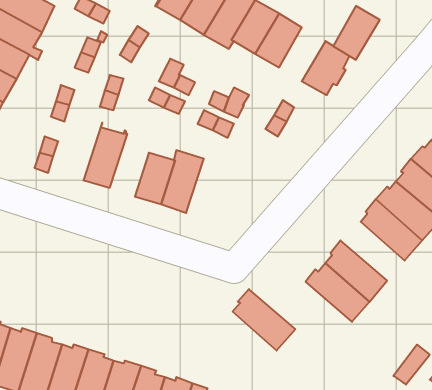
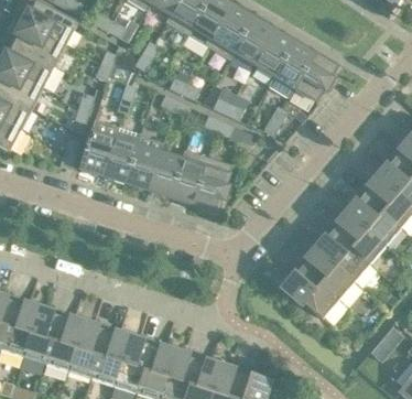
building: [333,6,380,60] -> [273,41,314,88]
building: none -> [77,117,118,175]
building: none -> [124,134,162,190]
building: none -> [192,157,230,212]
building: none -> [327,212,383,263]
building: [233,289,295,351] -> [282,265,337,319]

